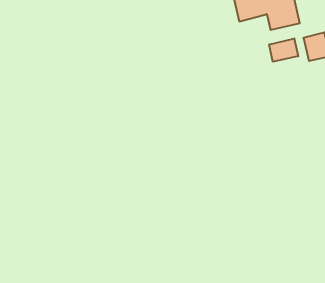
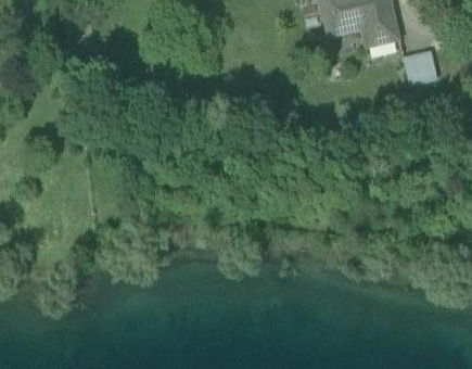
building: [269,38,298,62] -> none

